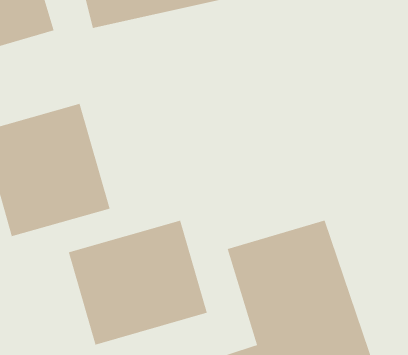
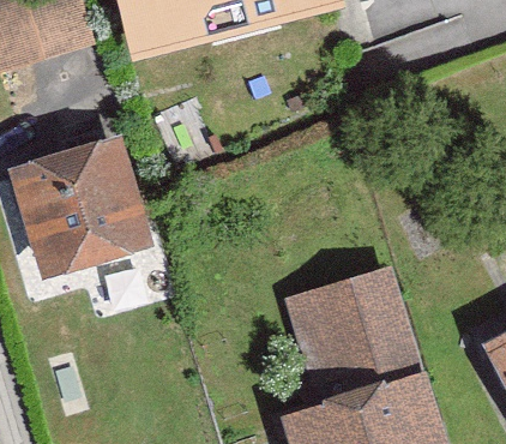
building: [68,220,207,345] -> none

